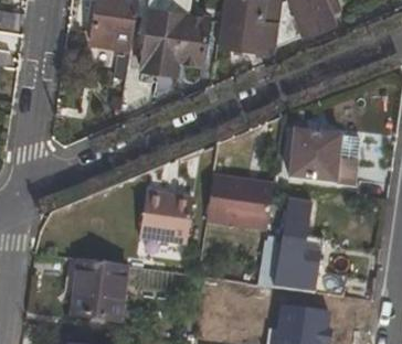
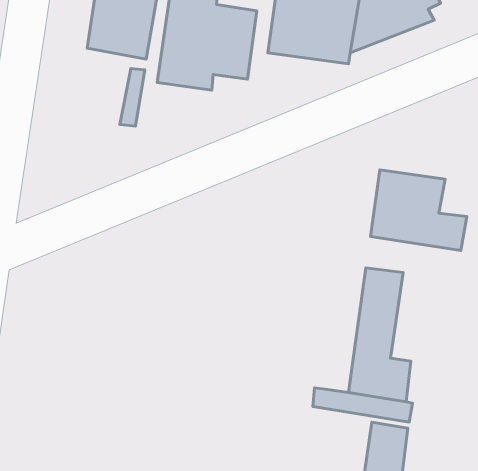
building: [209,175,272,228] -> none
building: [142,191,195,241] -> none
building: [71,258,129,322] -> none

